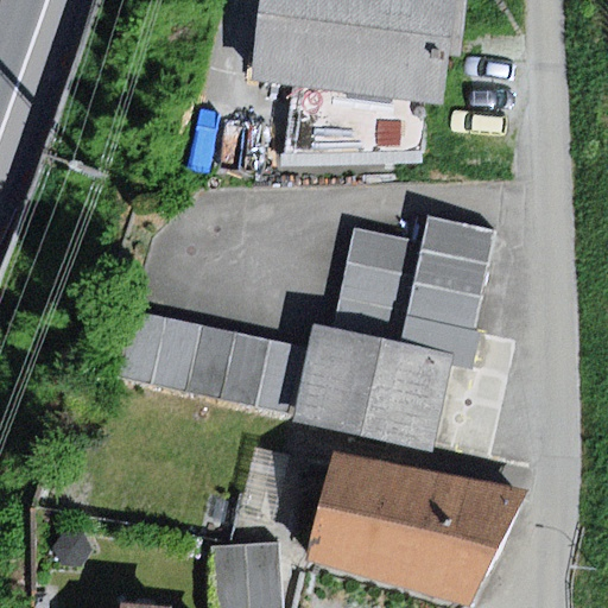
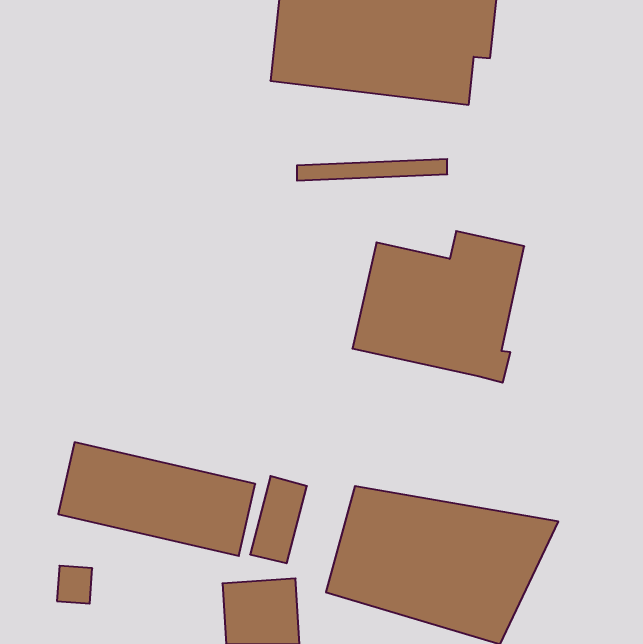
building: [115,310,300,417] -> [58,442,255,556]
building: [296,324,450,446] -> none

